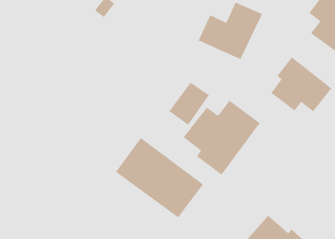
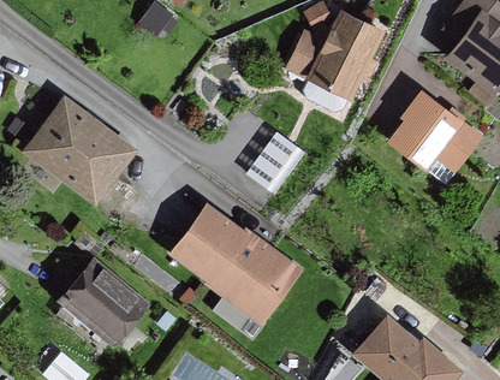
building: none -> [23,97,132,202]
building: [183,100,261,175] -> none
building: none -> [59,259,148,345]

